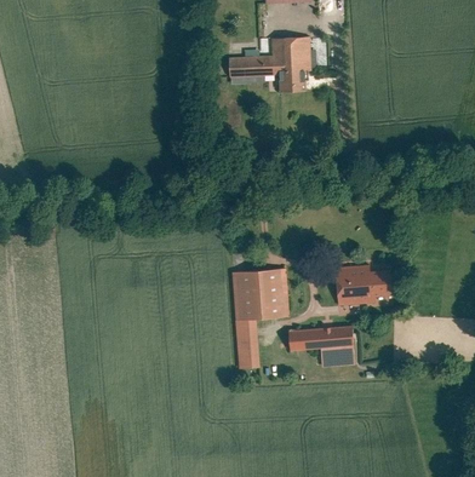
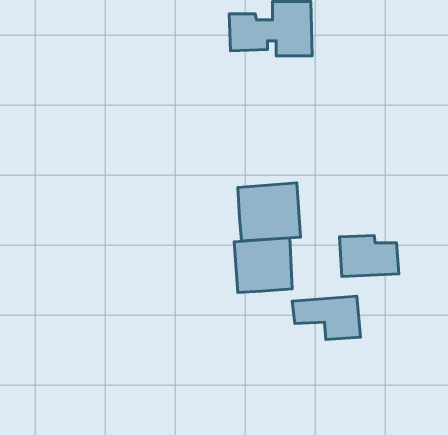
building: none -> [238,183,301,241]
building: [236,321,263,370] -> none

